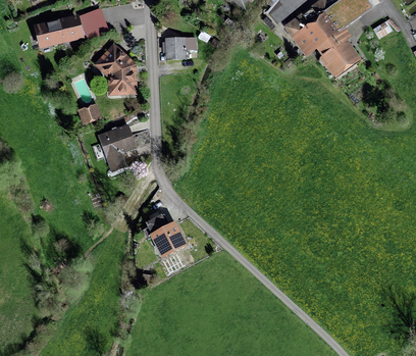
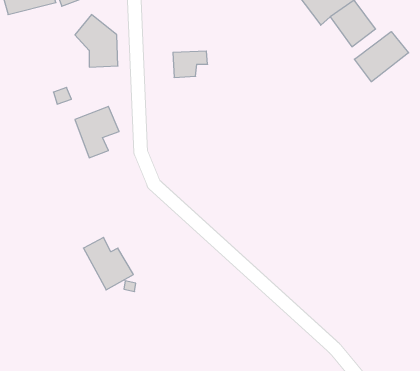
building: [165,37,195,59] -> [173,51,208,77]
building: none -> [354,32,409,82]
building: [146,214,189,259] -> [83,237,133,290]

